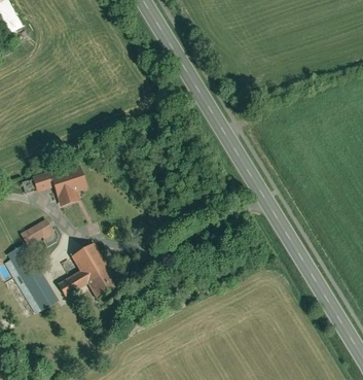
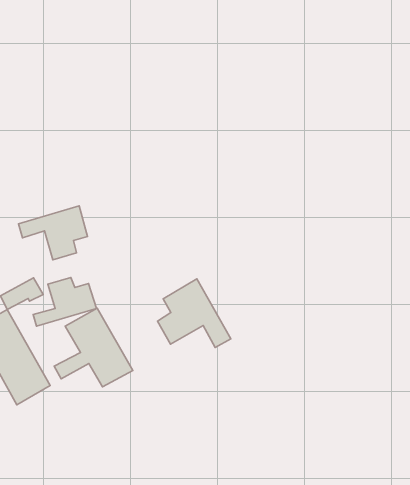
building: none -> [33,277,97,326]
building: none -> [157,279,231,347]

